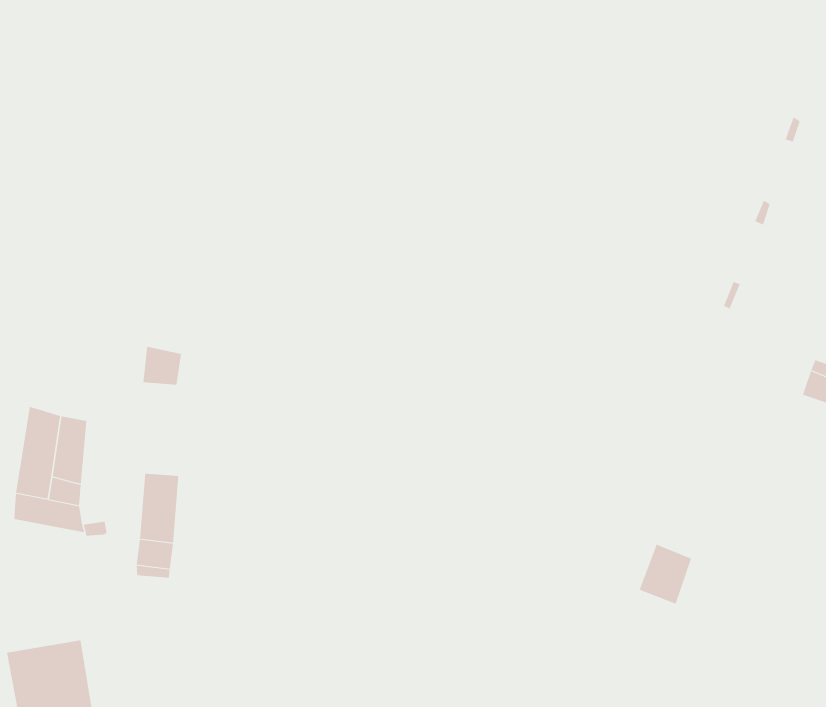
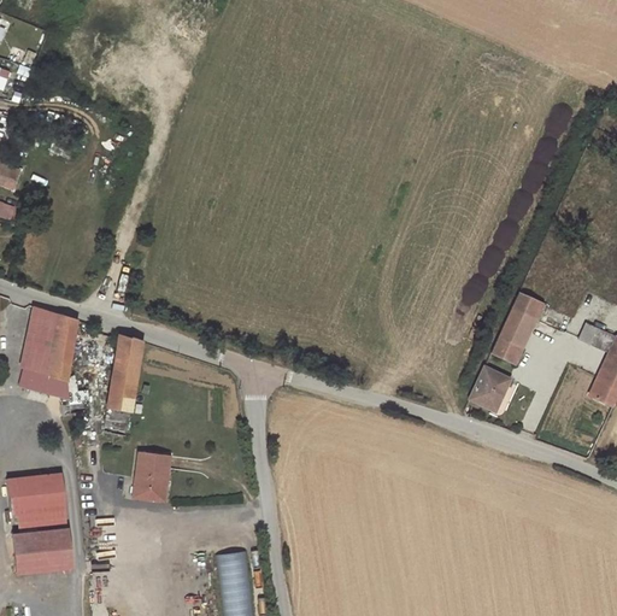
building: none -> [493,292,545,364]
building: [142,346,182,385] -> [114,335,143,364]
building: [639,544,692,604] -> [471,368,510,411]
building: none -> [131,452,169,499]

